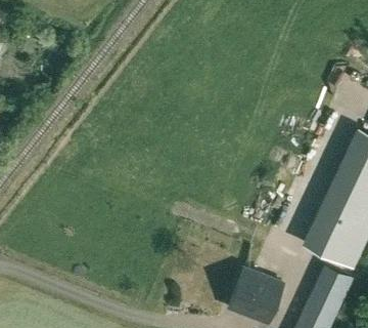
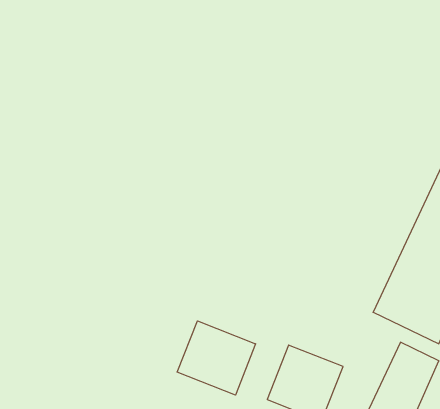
building: none -> [177,321,256,395]

